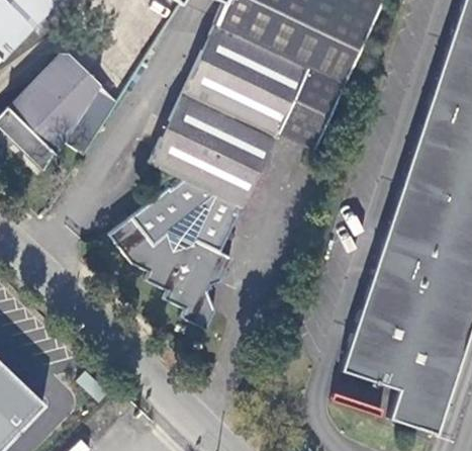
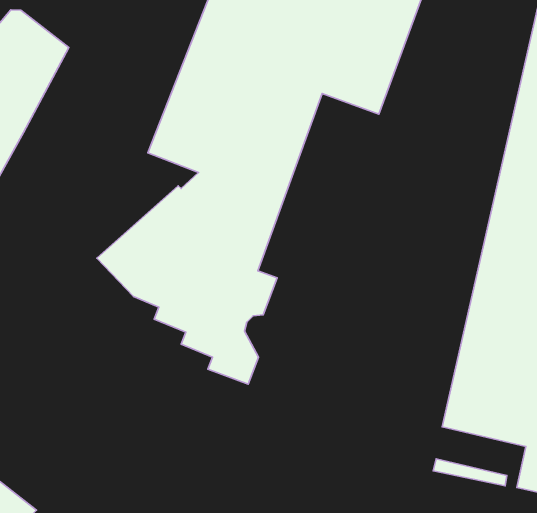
building: [66,81,121,152] -> none

